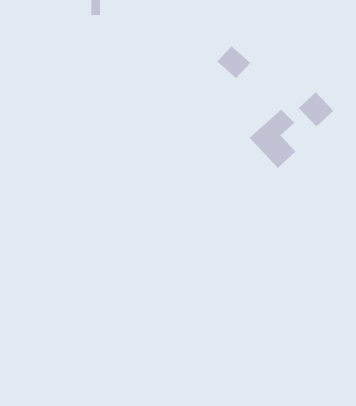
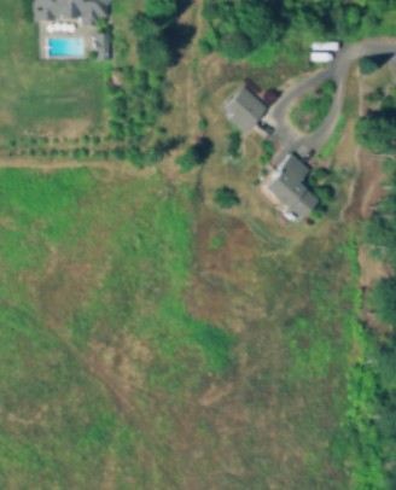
building: [298,92,334,127] -> none

